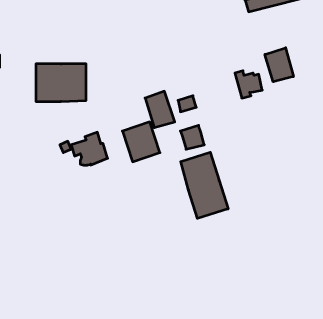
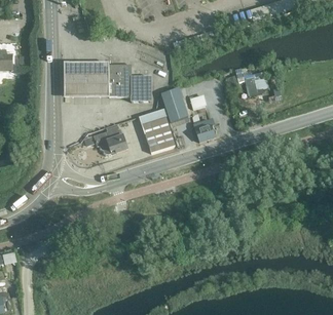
building: [265,48,293,82] -> none
building: none -> [108,64,151,100]
building: [181,152,228,218] -> none

